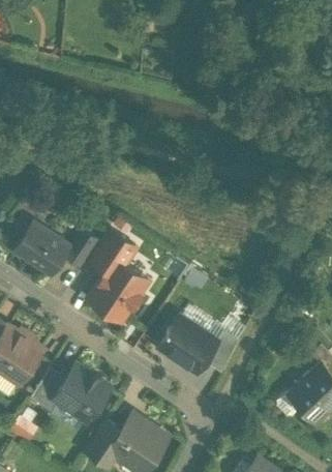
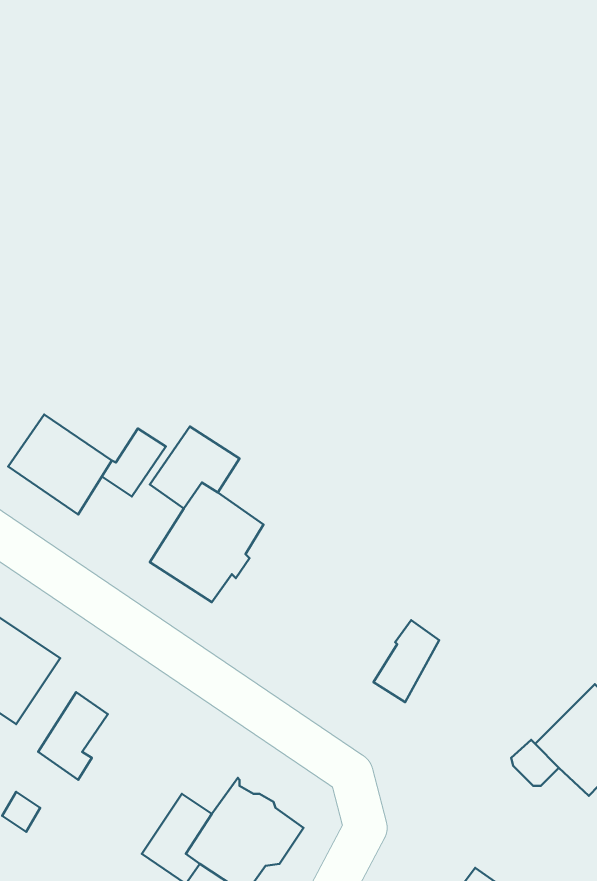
building: [160,317,217,372] -> none
building: [54,364,110,420] -> none

